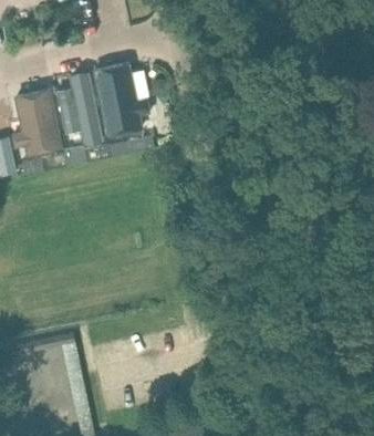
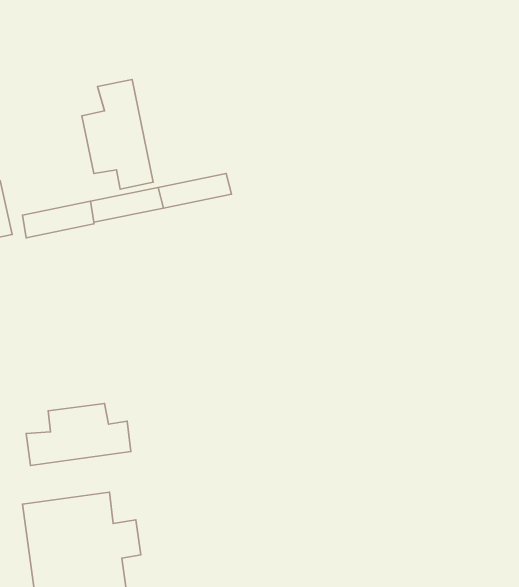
building: [93,63,141,137] -> none
building: [14,90,61,156] -> none
building: none -> [26,404,131,465]

